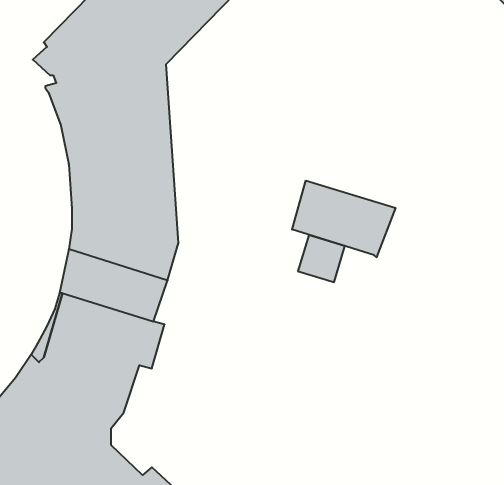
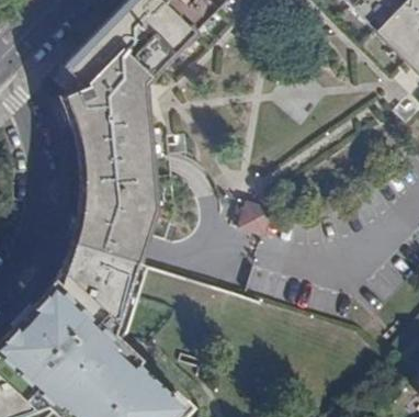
building: [292,181,396,257] -> none

